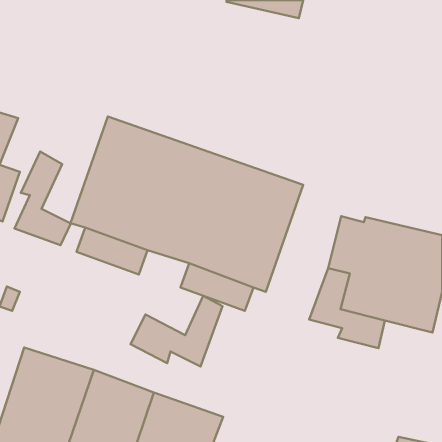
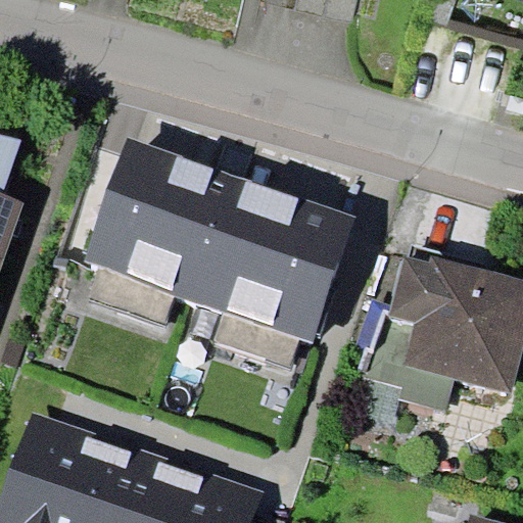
building: [15,151,71,245] -> none
building: [130,296,222,367] -> none

